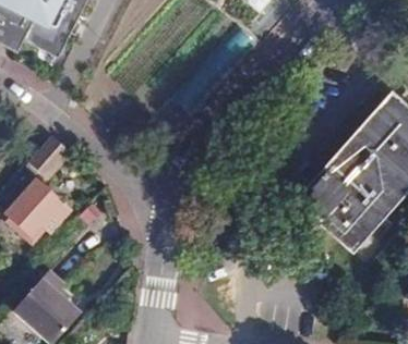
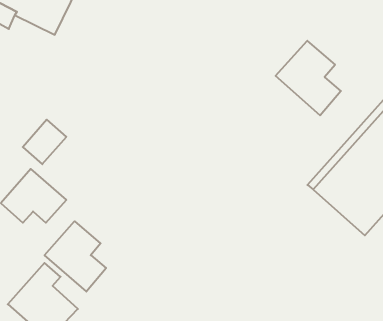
building: none -> [276,41,341,115]
building: none -> [45,221,106,292]

